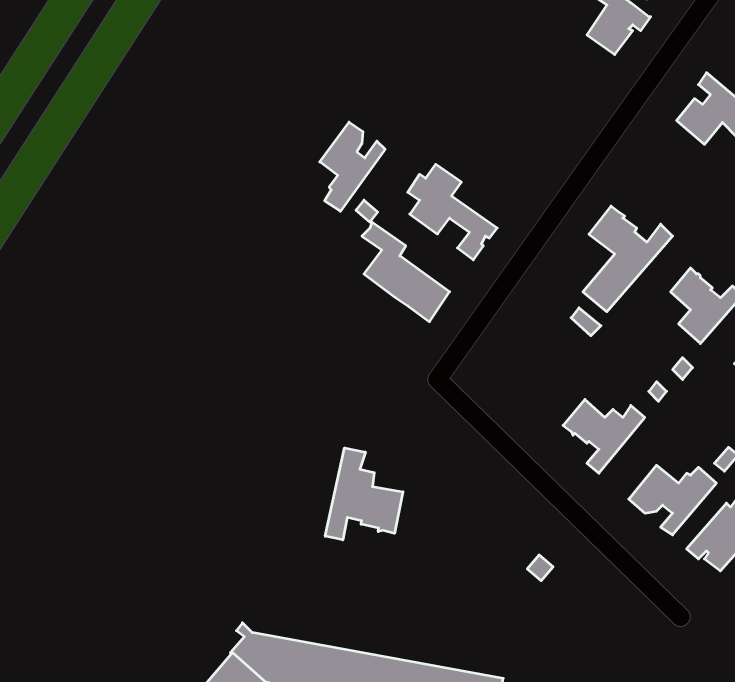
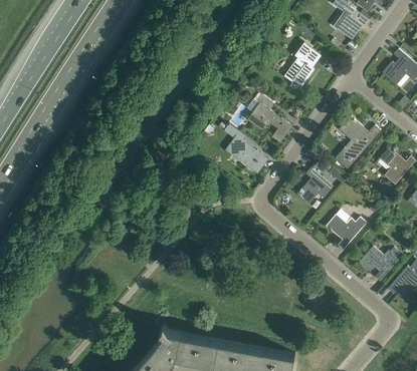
building: none -> [284,43,322,87]
building: [320,122,385,211] -> none
building: none -> [297,168,333,205]
building: [325,448,403,540] -> none

